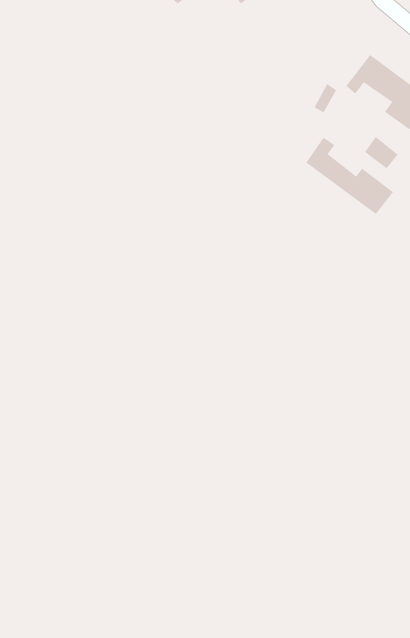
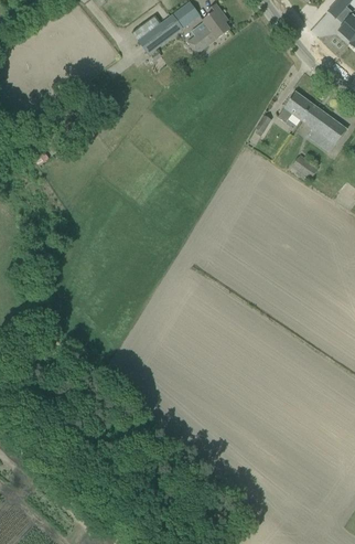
building: [305,137,394,215] -> none

